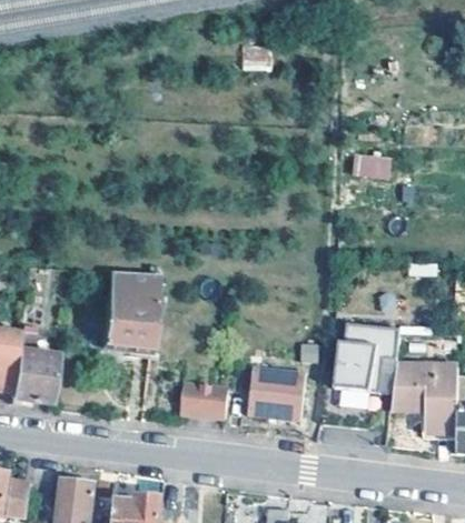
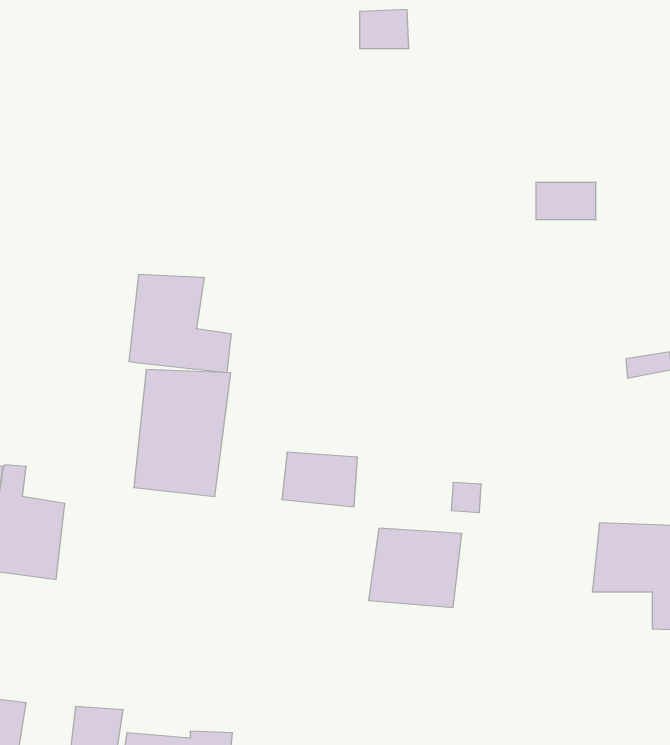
building: none -> [129,274,231,373]
building: [318,331,396,428] -> none
building: [179,384,227,419] -> [282,452,358,507]

